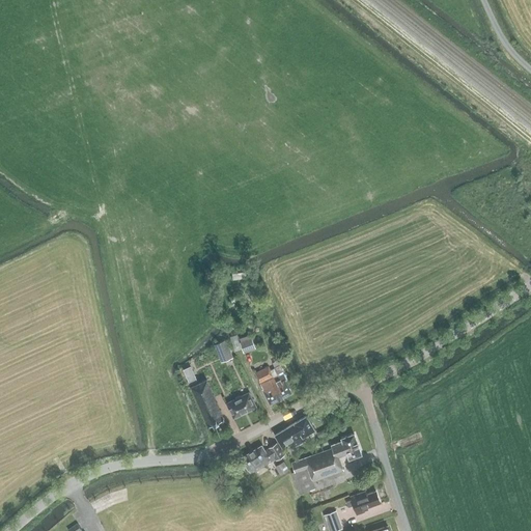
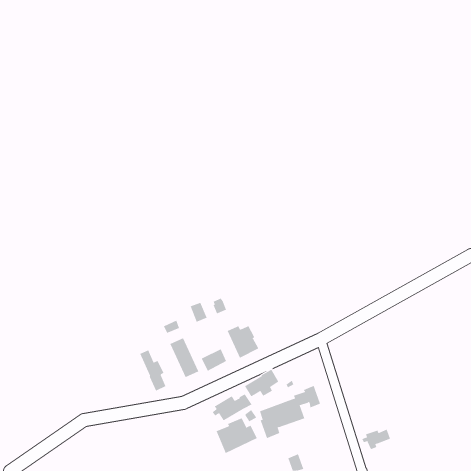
building: none -> [139,350,166,391]
building: none -> [216,418,258,454]
building: [346,491,380,514] -> [361,429,391,450]

